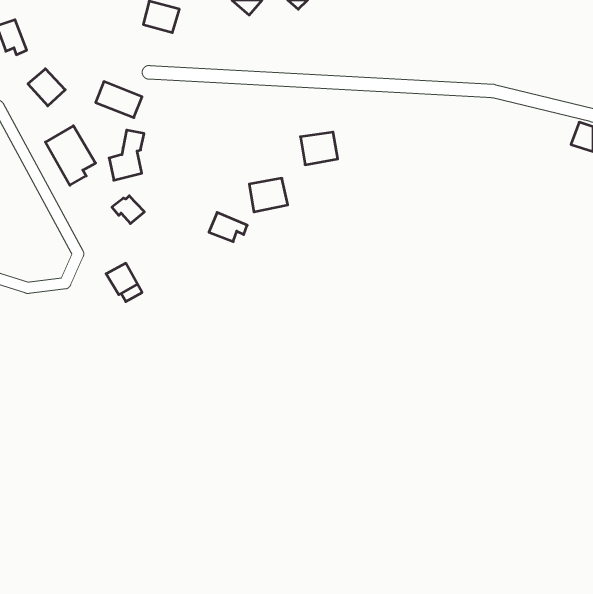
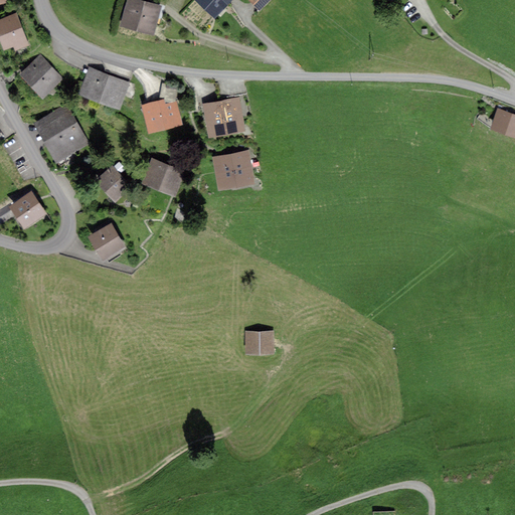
building: [109,130,144,180] -> [146,83,176,127]
building: [300,132,338,165] -> [206,103,238,131]
building: [209,212,247,242] -> [145,163,178,188]
building: none -> [12,195,40,223]
building: none -> [244,334,268,351]

